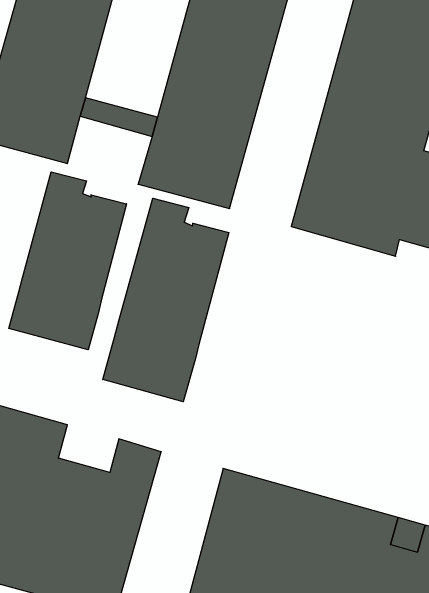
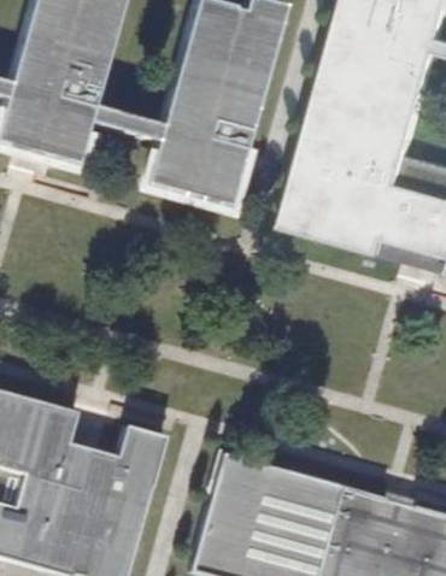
building: [9,172,126,350] -> none
building: [103,198,229,402] -> none

